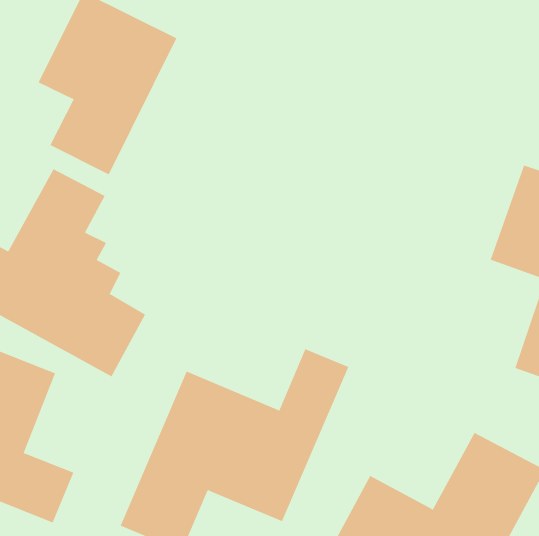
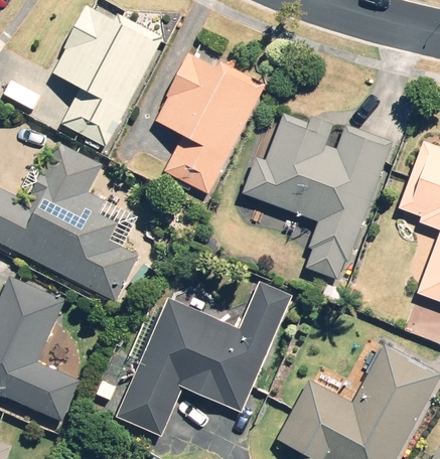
building: none -> [150,52,264,192]
building: none -> [241,117,389,283]

